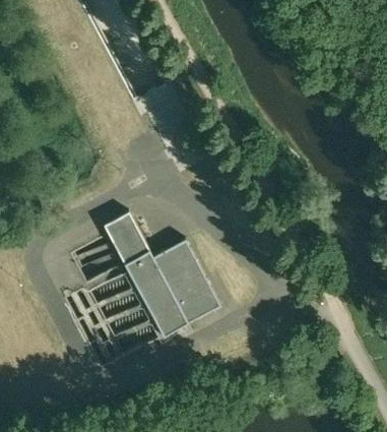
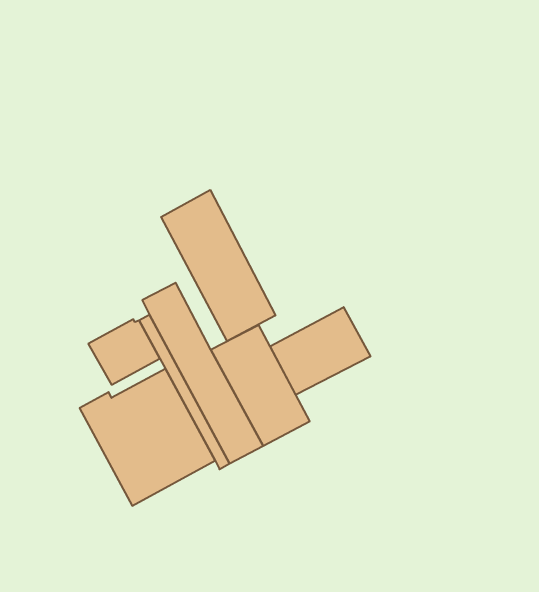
building: none -> [161,190,275,341]
building: none -> [270,307,370,395]

